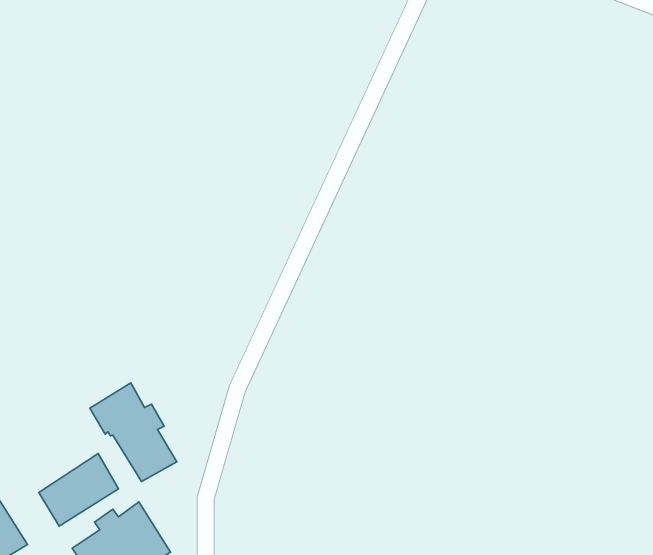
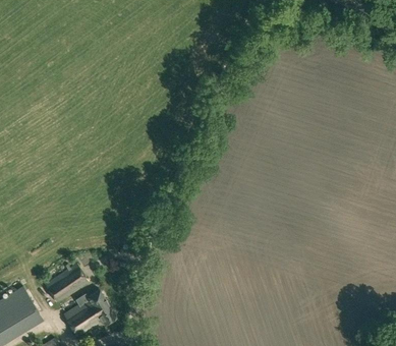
building: [90,383,177,482] -> none

